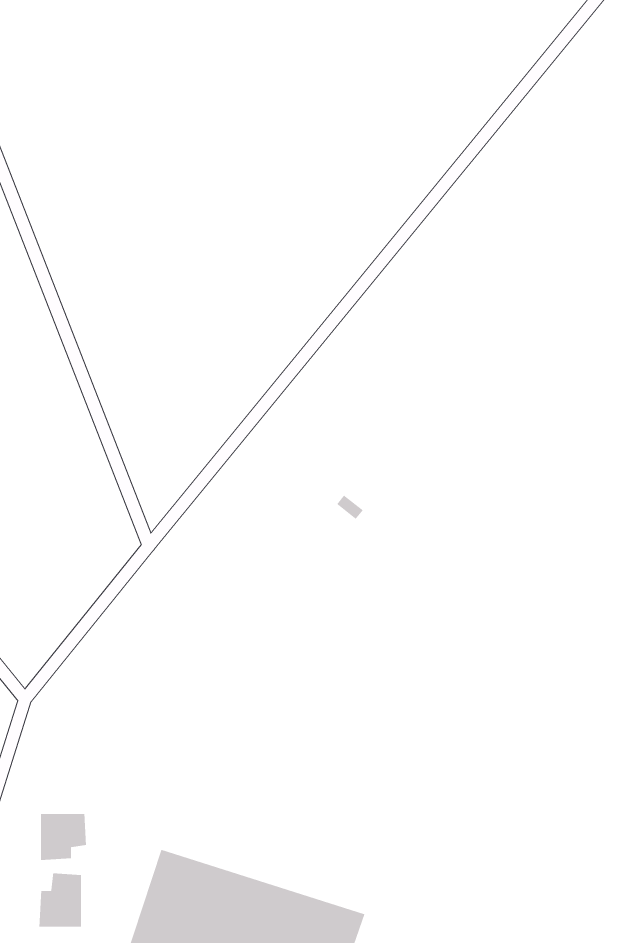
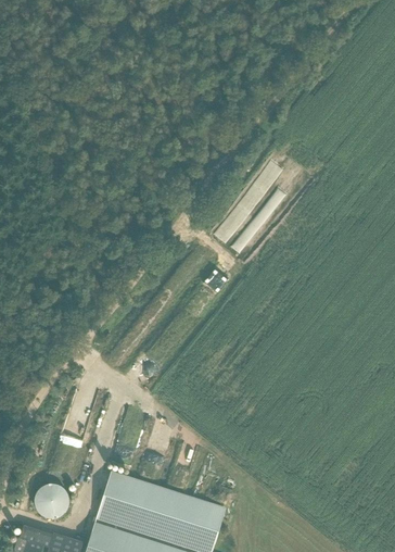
building: [40,813,87,861] -> none

